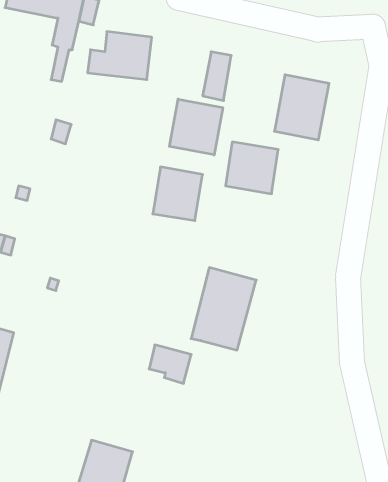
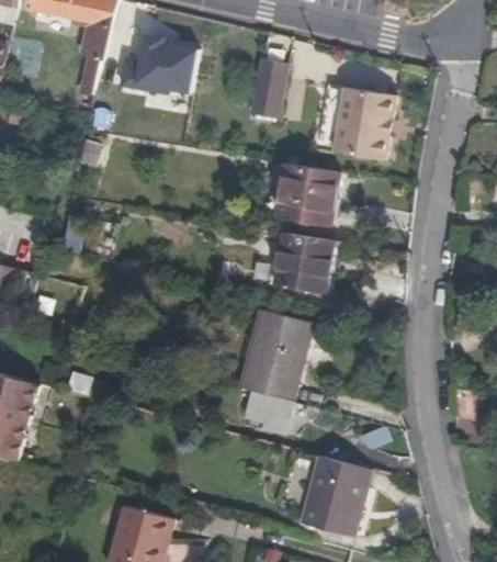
building: [169,99,223,155] -> none
building: [153,167,203,221] -> [274,232,331,293]
building: [149,345,191,383] -> [242,391,291,435]
building: none -> [300,454,370,537]

